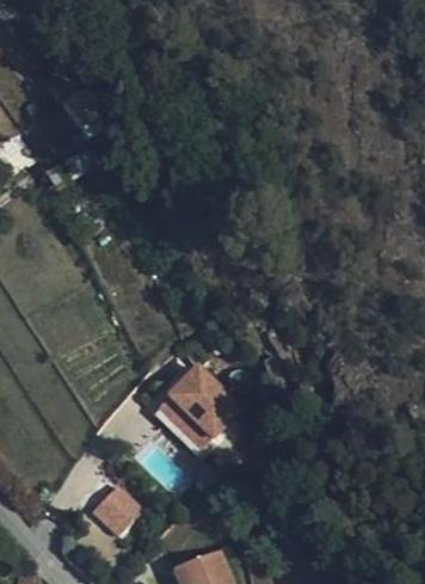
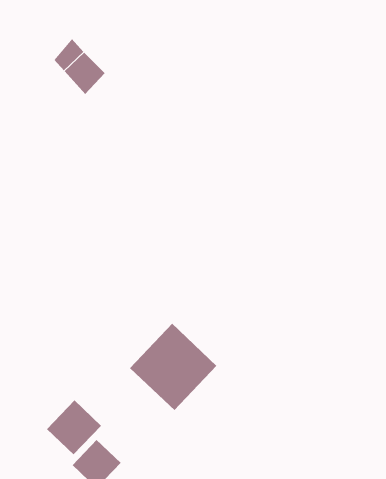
building: none -> [46,399,102,455]

